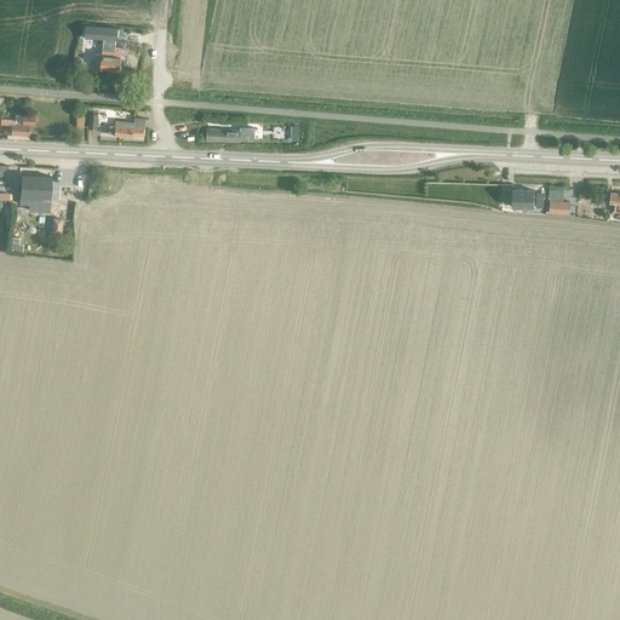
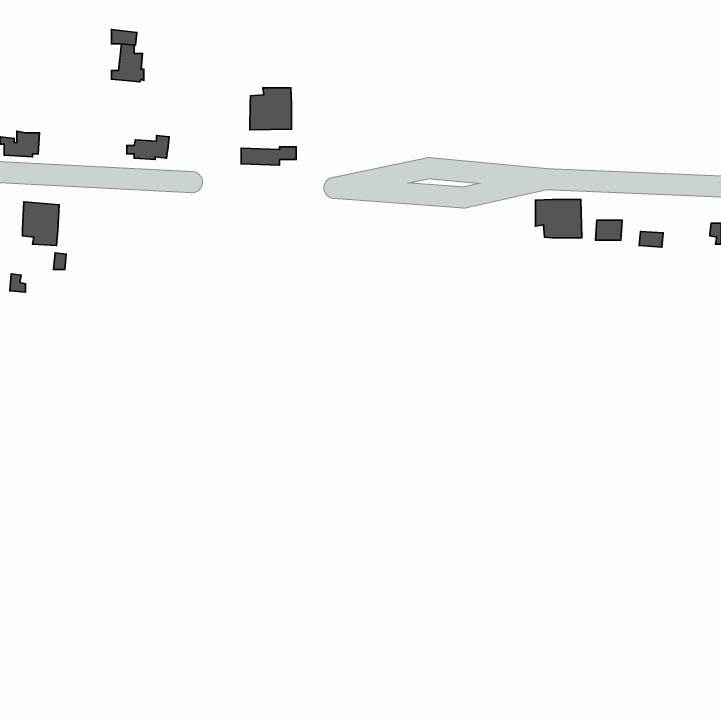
building: none -> [250,88,292,130]
building: none -> [536,199,582,238]

